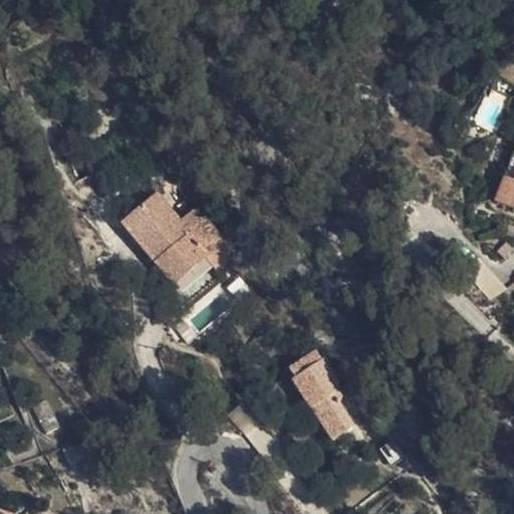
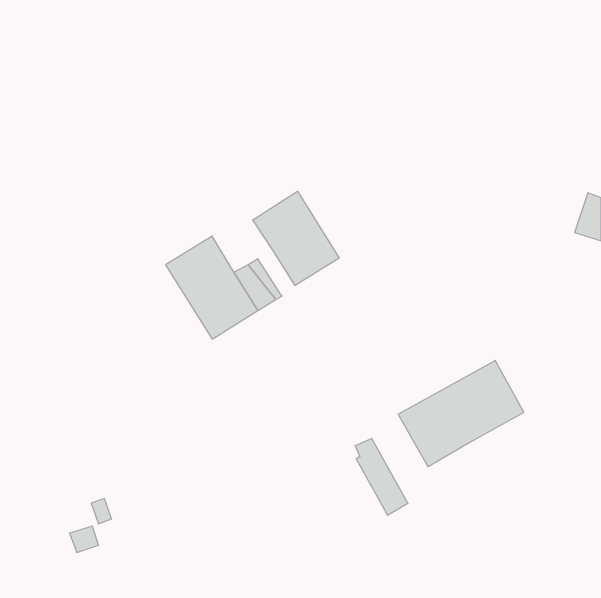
building: none -> [253,191,339,286]
building: none -> [398,360,524,467]

